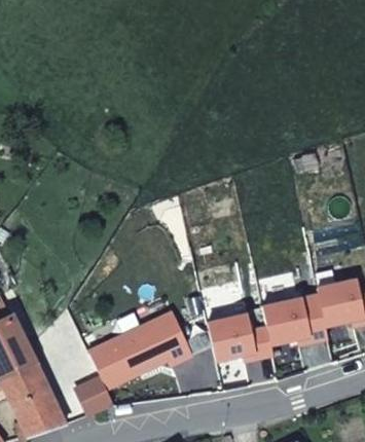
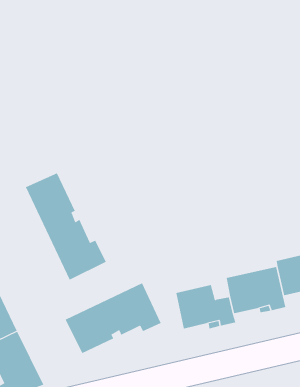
building: none -> [25,173,107,280]
building: [75,378,113,416] -> none

